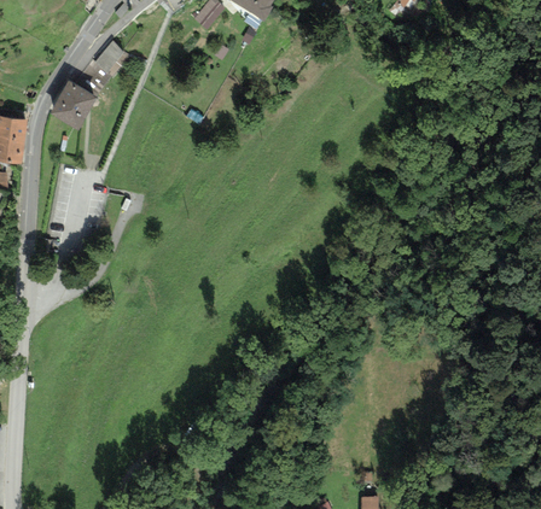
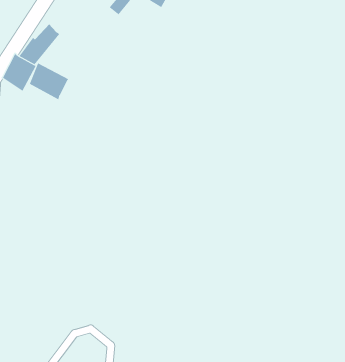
building: none -> [29,62,69,100]

